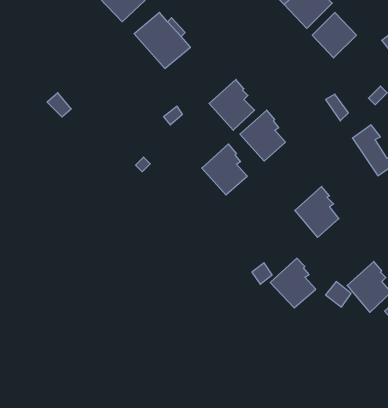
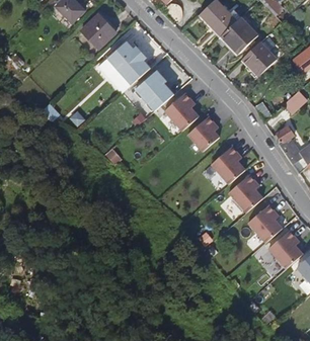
building: none -> [135,70,173,110]
building: [202,144,247,195] -> [211,145,245,183]
building: [270,258,316,308] -> [247,204,282,242]

